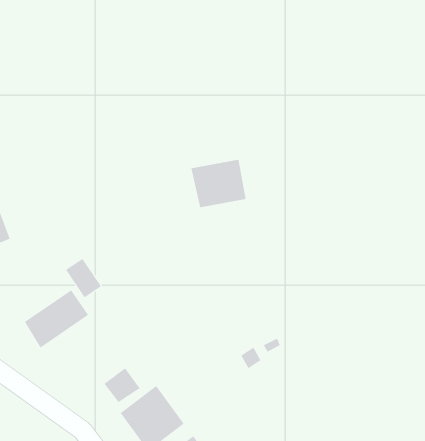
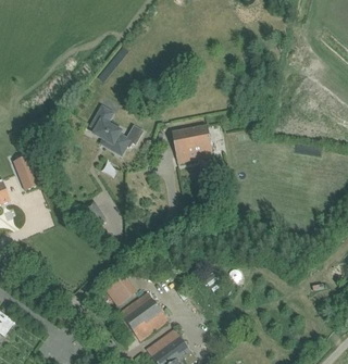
building: none -> [91,106,128,150]
building: [24,289,89,348] -> none

